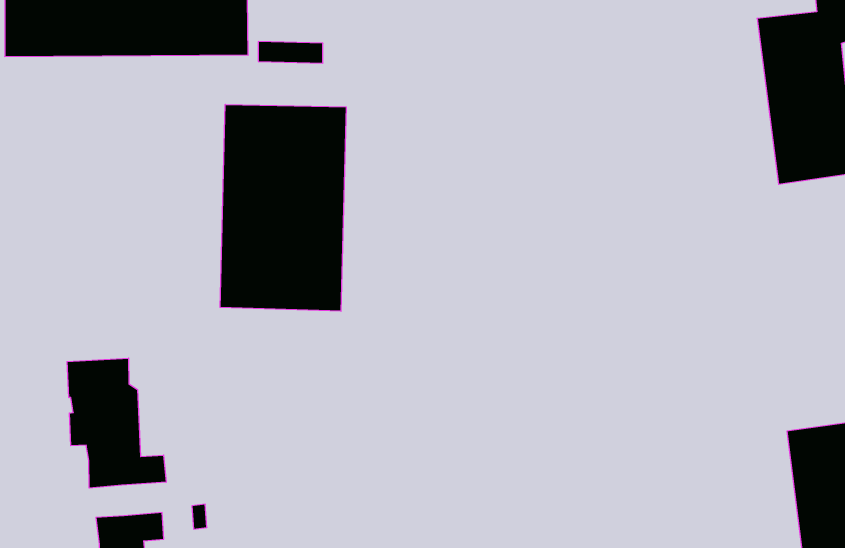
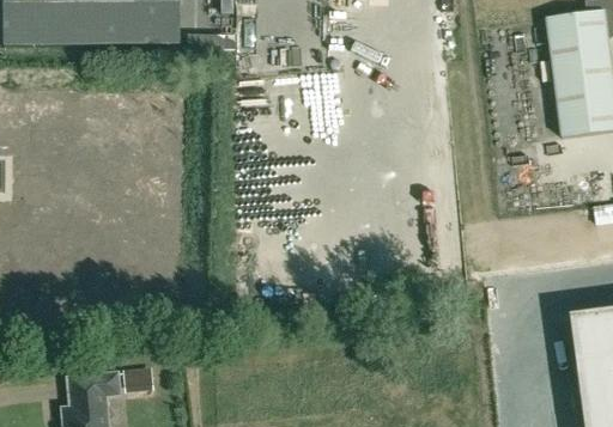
building: [220,104,346,311] -> none
building: [67,358,166,488] -> none

